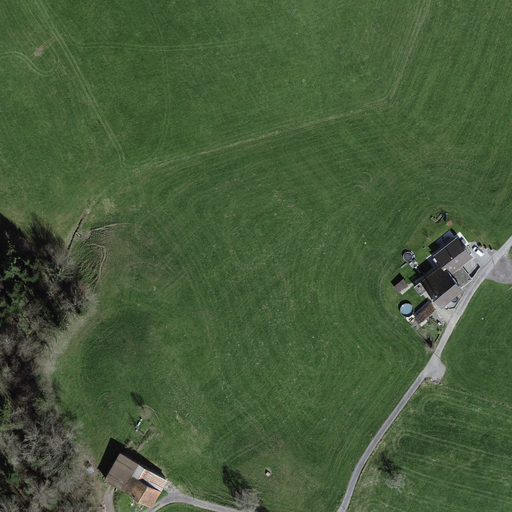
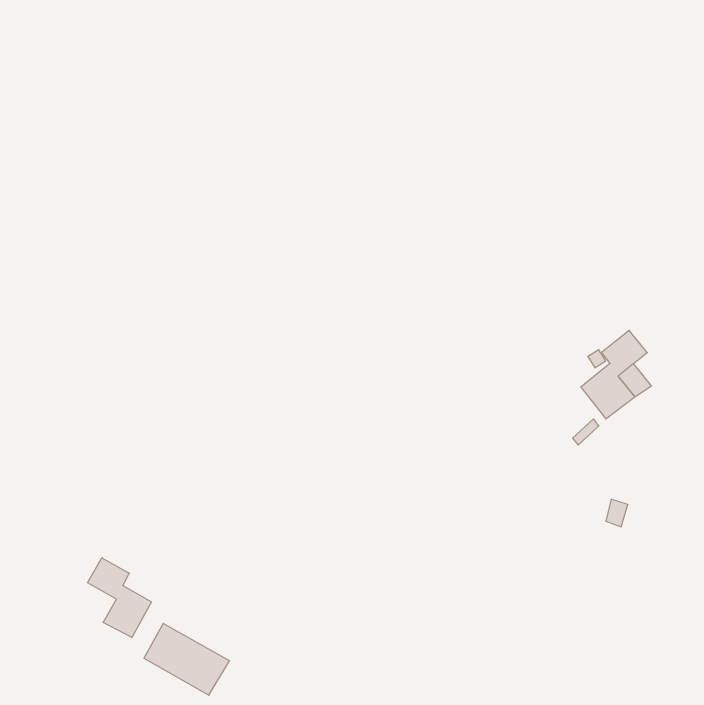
building: none -> [88,558,151,638]

